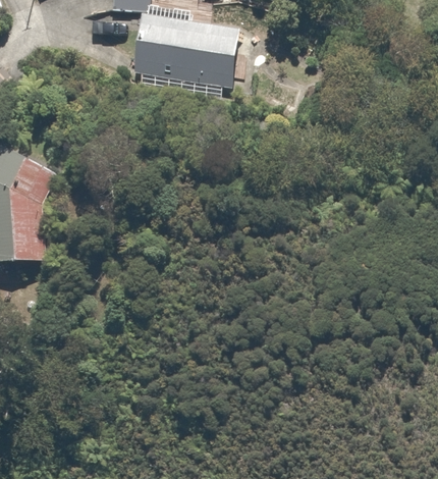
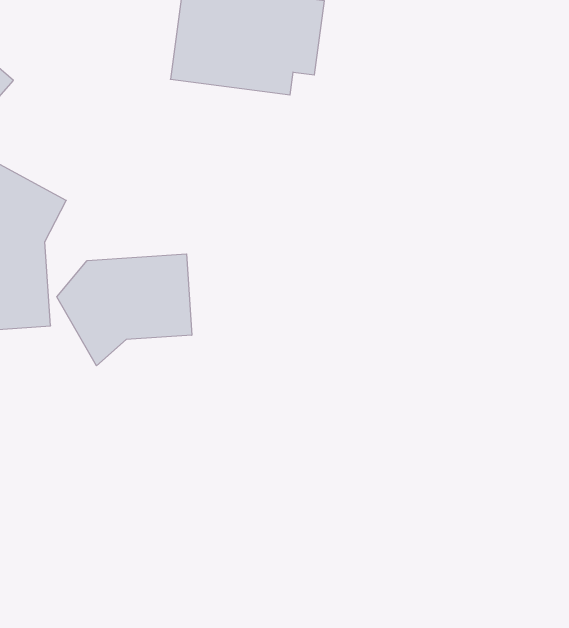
building: none -> [57,254,192,366]

